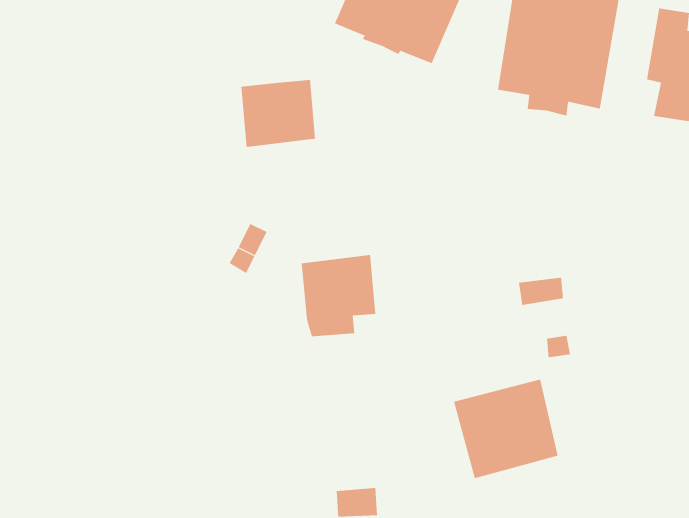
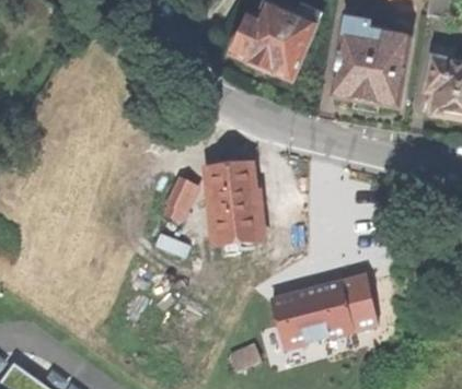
building: [241,79,316,148] -> [208,160,255,202]
building: none -> [261,288,320,351]

